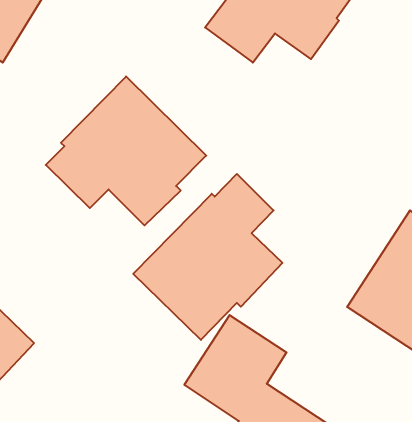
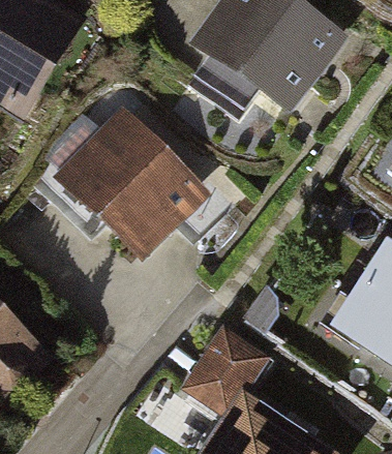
building: [133,174,282,340] -> none

